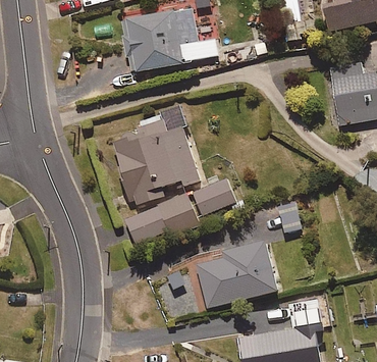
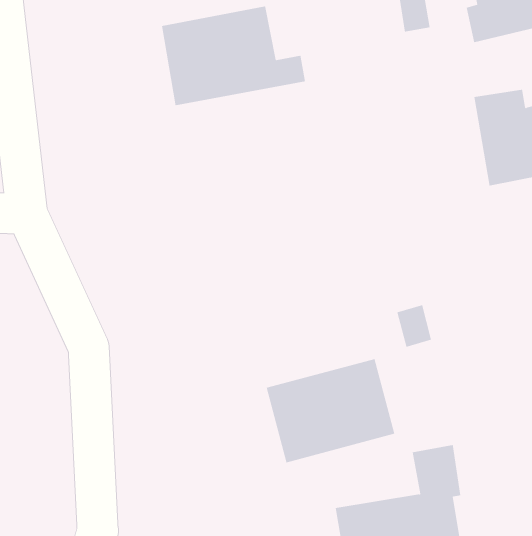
building: [113,105,199,206] -> none
building: [125,178,236,244] -> none

